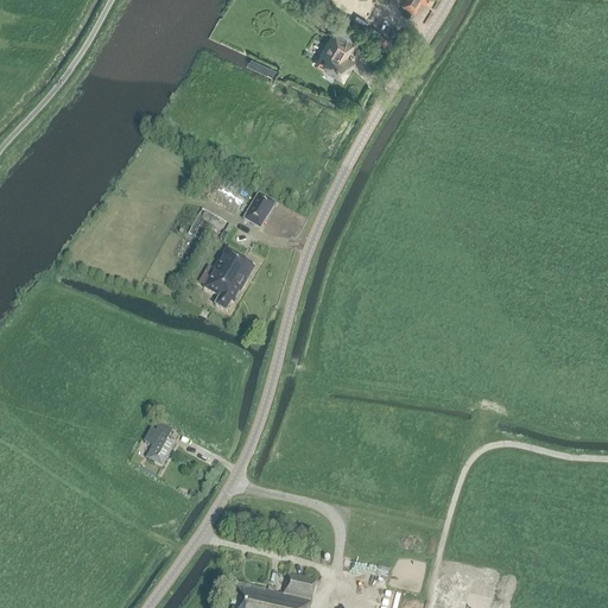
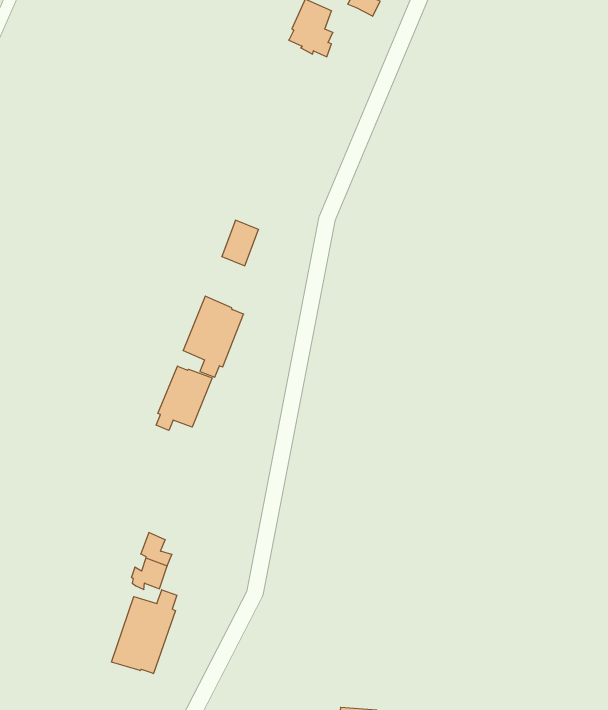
building: none -> [156,366,212,430]
building: none -> [111,590,177,674]

